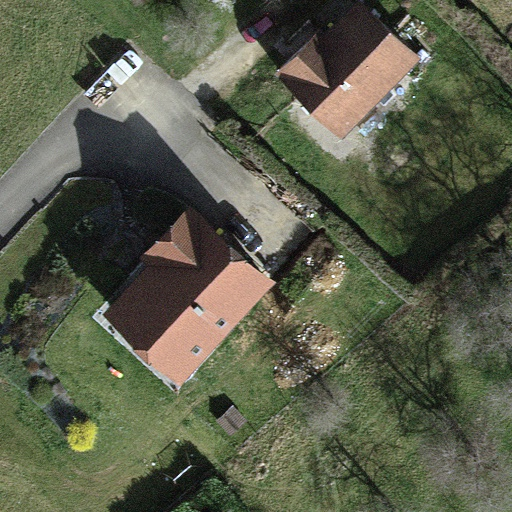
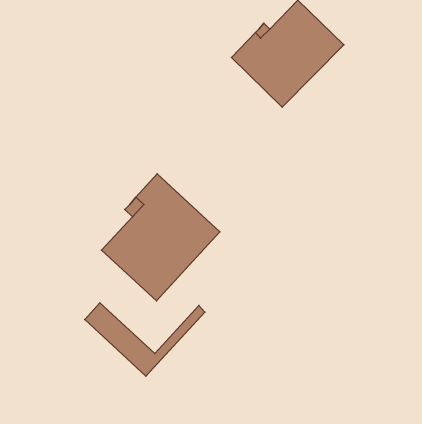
building: [104,302,248,390] -> [85,303,205,376]

